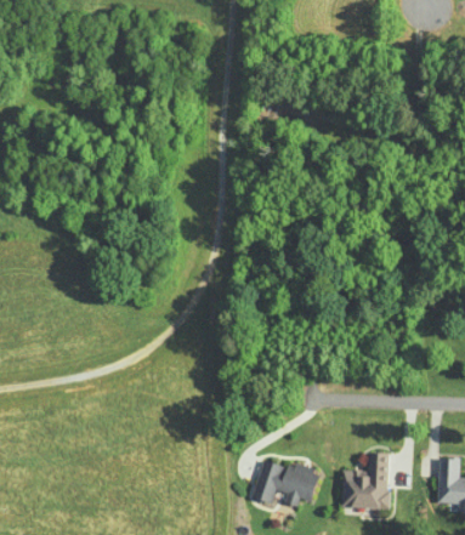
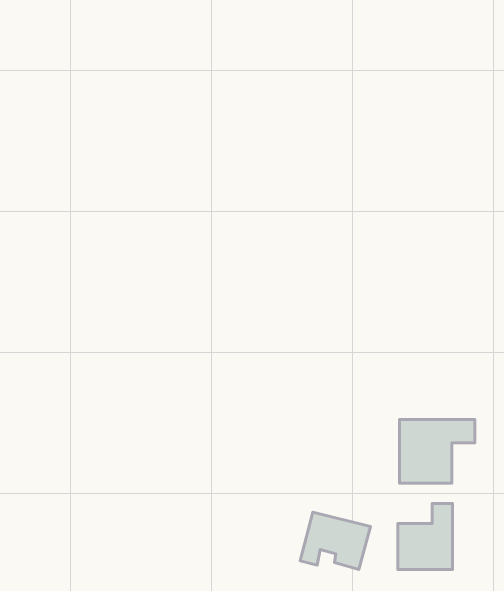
building: none -> [400,420,475,483]

